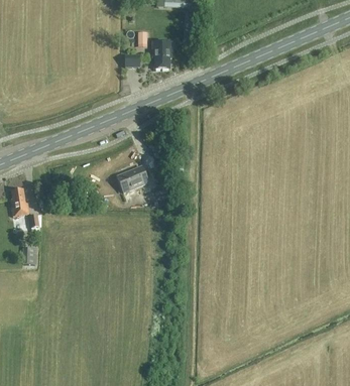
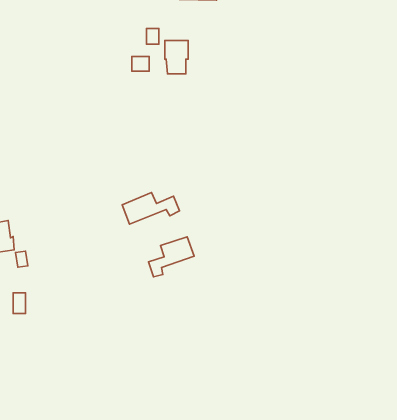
building: none -> [149,237,194,277]

